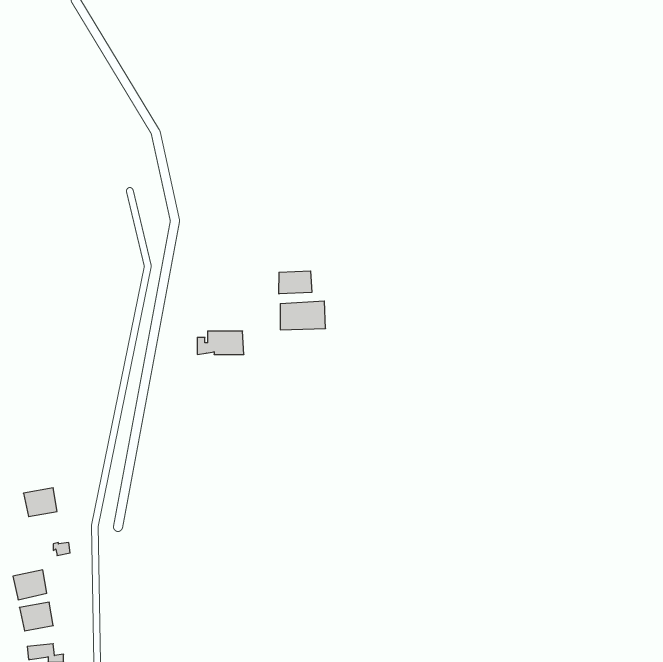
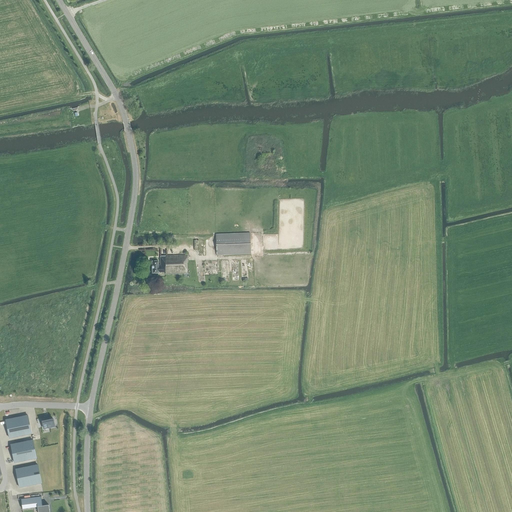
building: [279,271,312,294] -> none
building: [23,488,57,517] -> [5,415,31,437]

